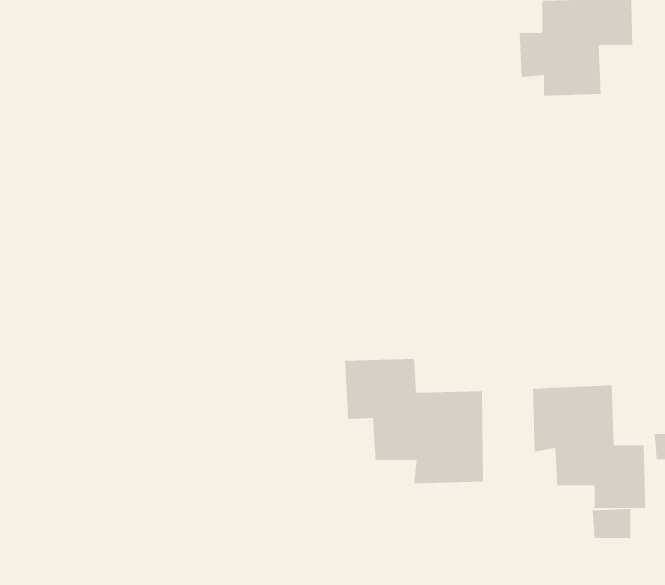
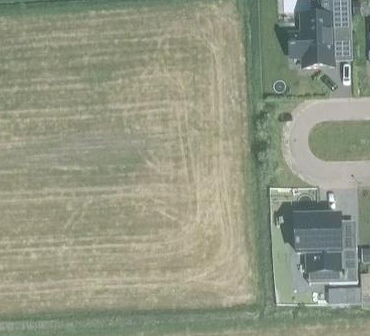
building: [344,358,484,484] -> none

